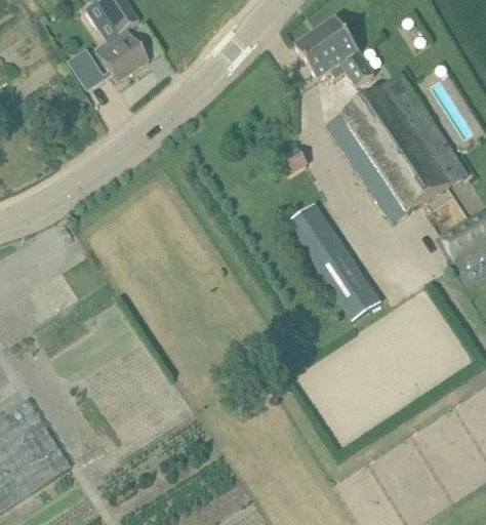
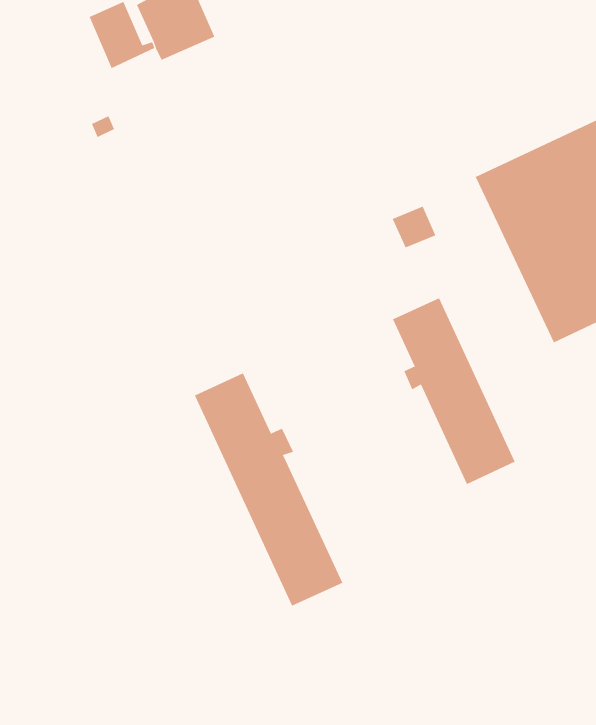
building: [295,16,374,85] -> none
building: none -> [194,372,343,607]

